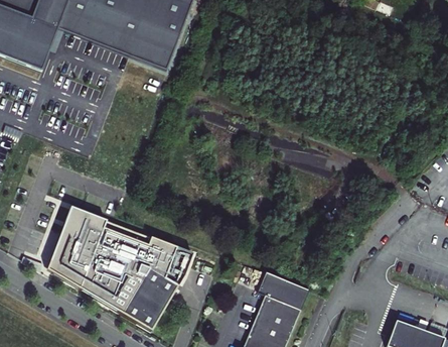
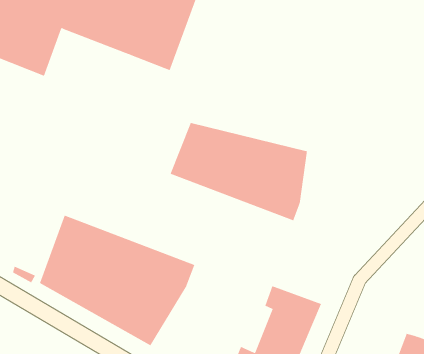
building: none -> [170,122,307,221]

